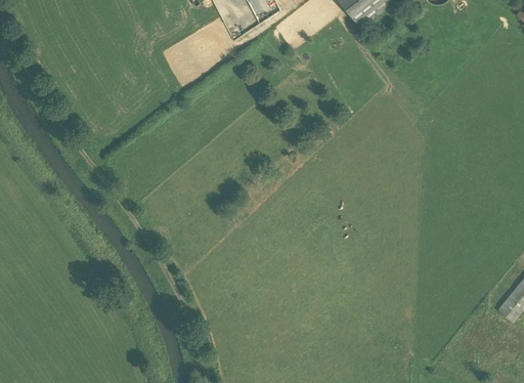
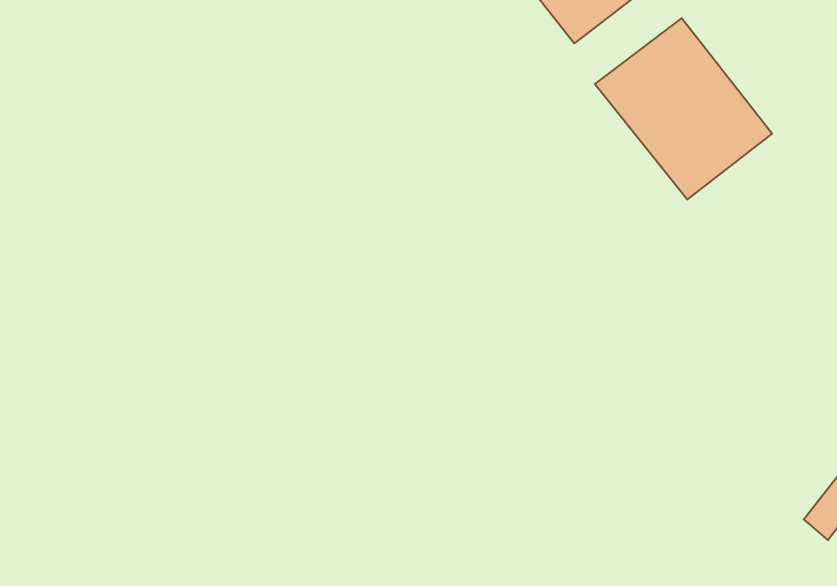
building: none -> [595,18,772,200]

